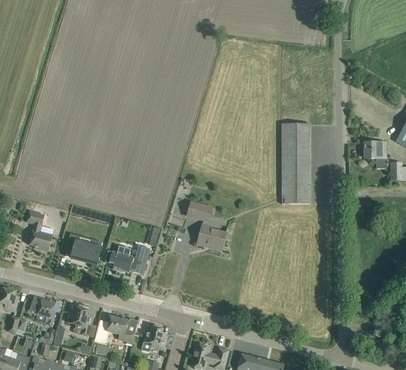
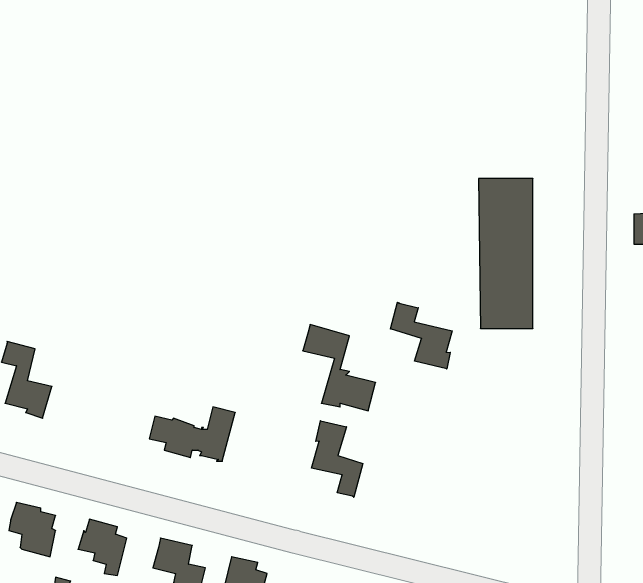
building: none -> [390,302,452,369]
building: [69,233,102,262] -> none
building: none -> [312,421,363,497]

